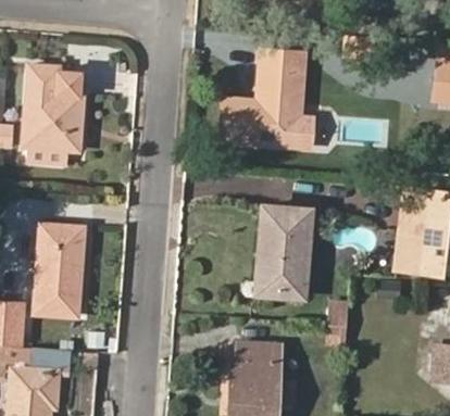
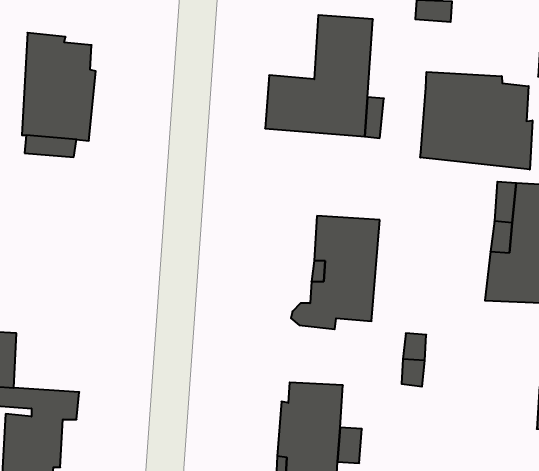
building: none -> [420,72,532,170]
building: [35,224,83,317] -> none

